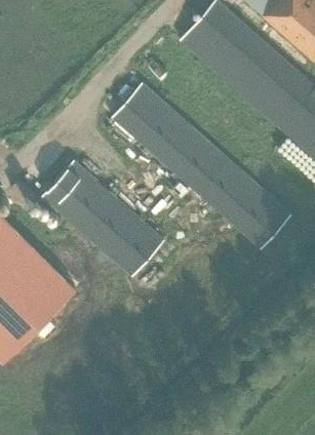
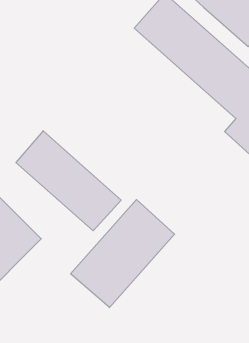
building: [111,82,290,248] -> none
building: none -> [71,200,175,308]

